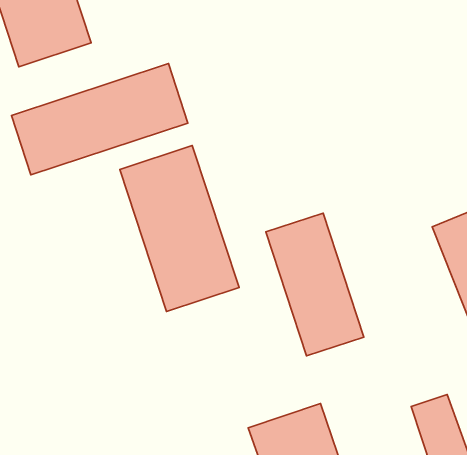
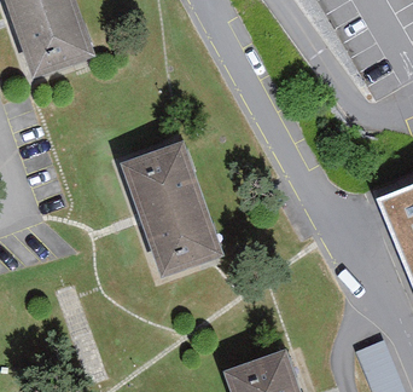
building: [12,64,188,175] -> none
building: [266,213,364,356] -> none

